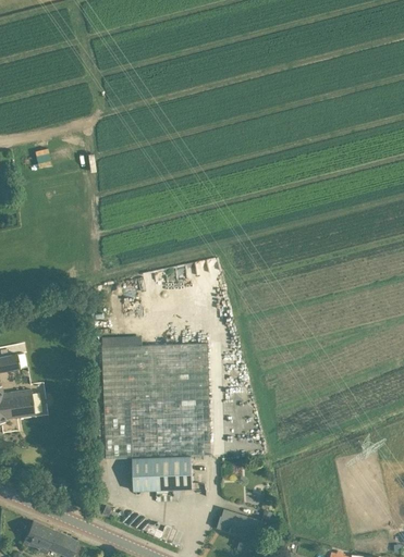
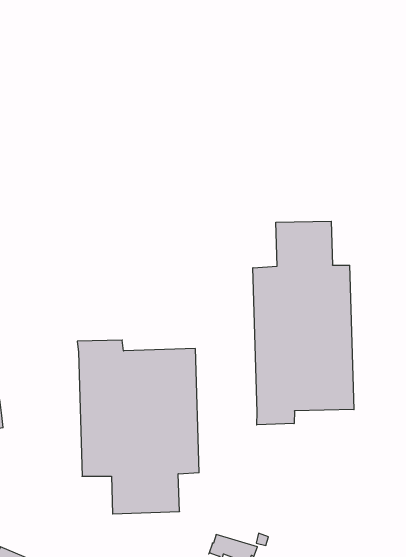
building: none -> [253,221,354,425]

